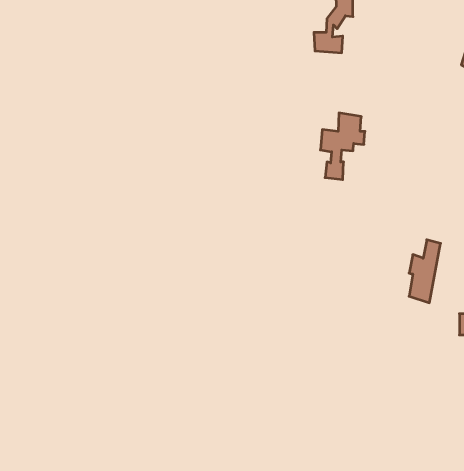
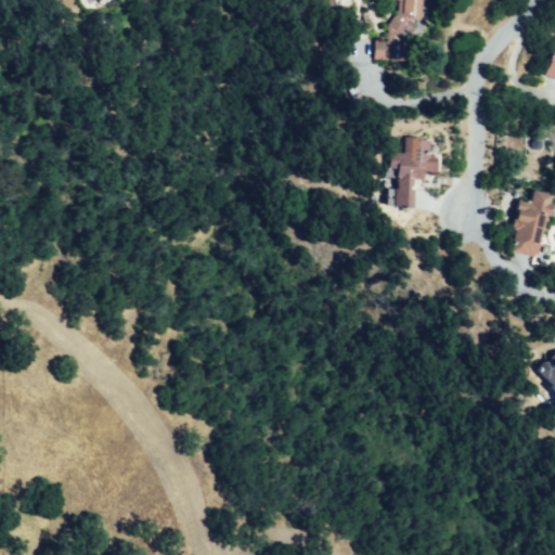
building: [409,240,441,303] -> [513,188,550,261]

